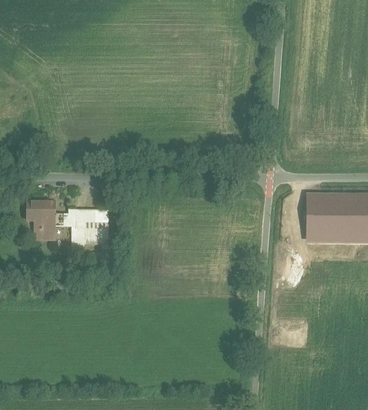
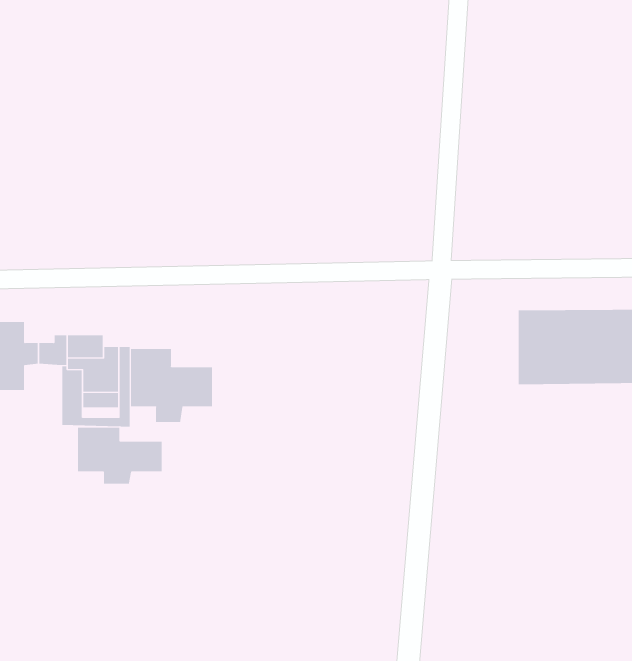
building: none -> [130,348,212,423]
building: none -> [78,427,162,484]

